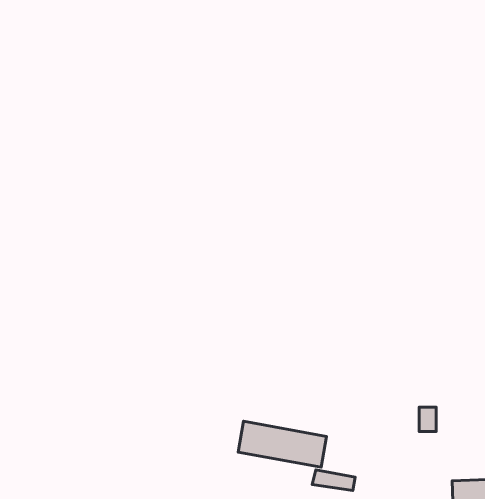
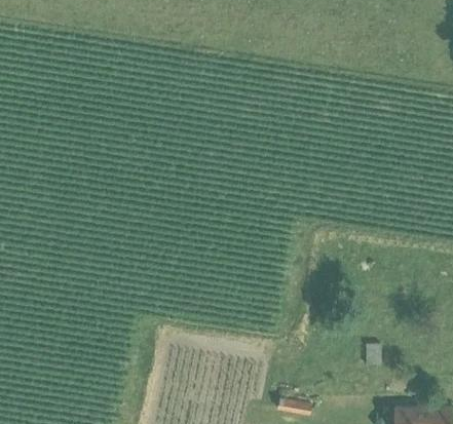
building: [238,421,326,467] -> none

